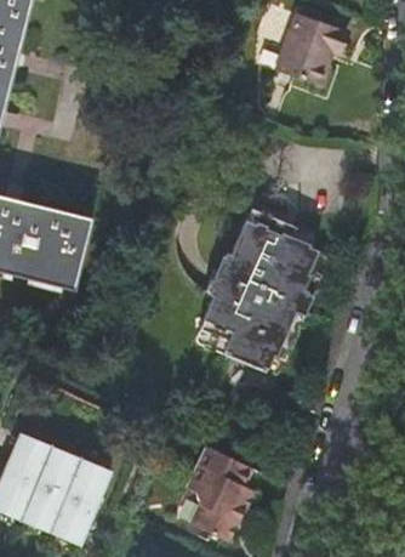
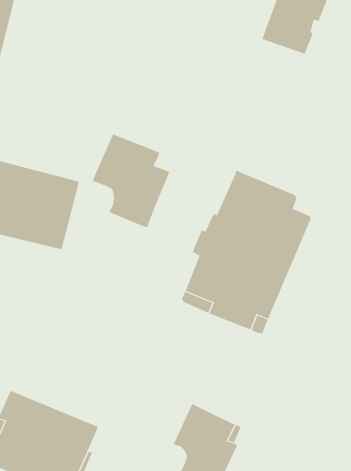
building: none -> [92,133,170,229]

